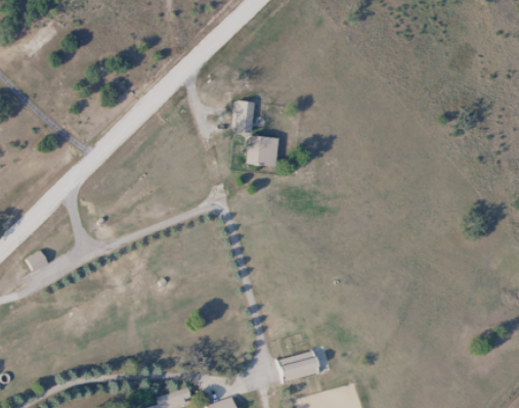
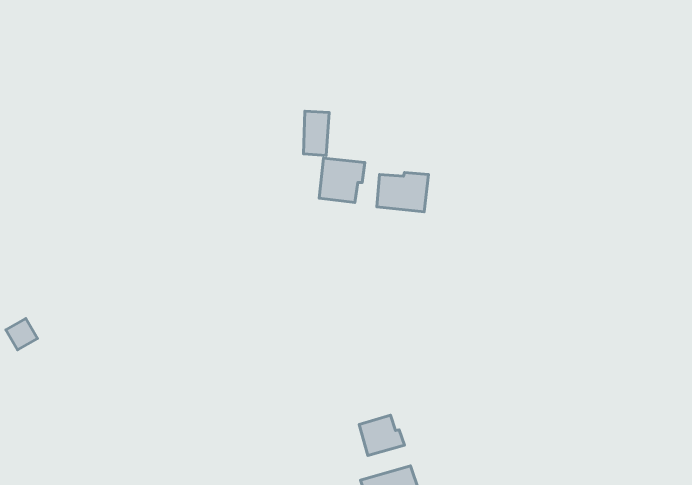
building: none -> [377,172,428,212]
building: none -> [359,415,404,455]

